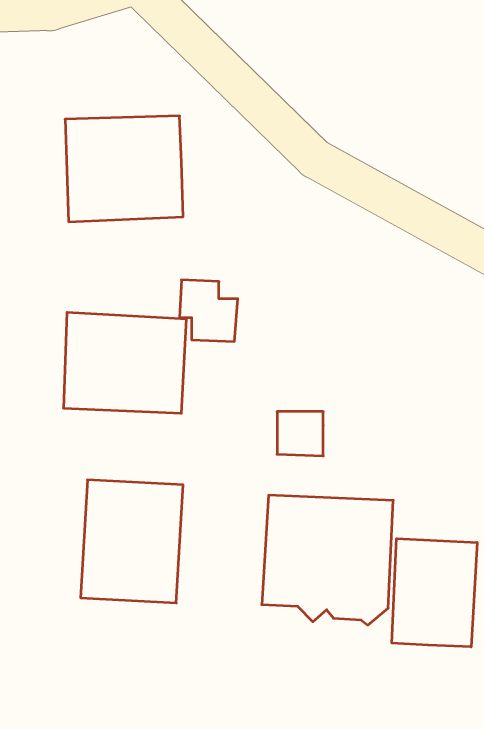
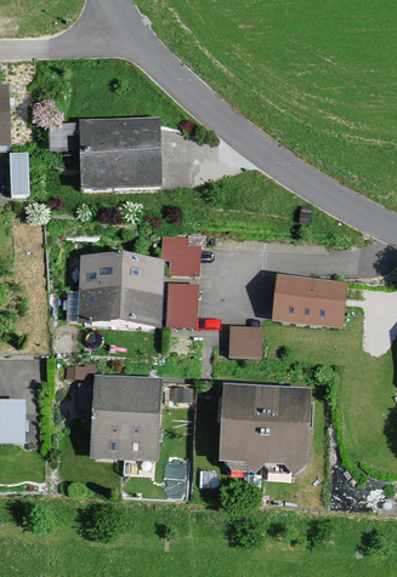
building: none -> [271,273,347,327]
building: none -> [165,281,198,326]
building: [392,539,477,647] -> none

